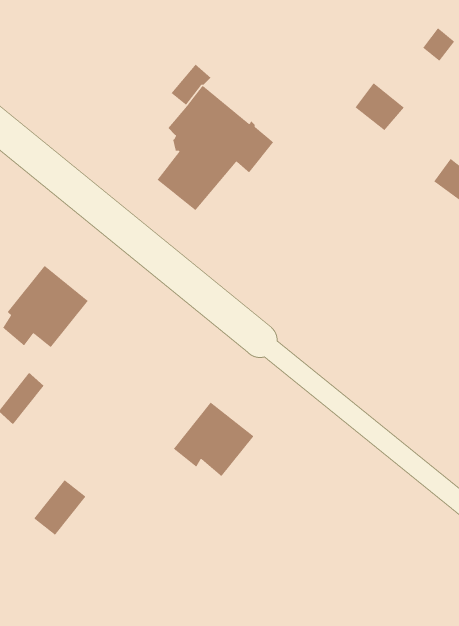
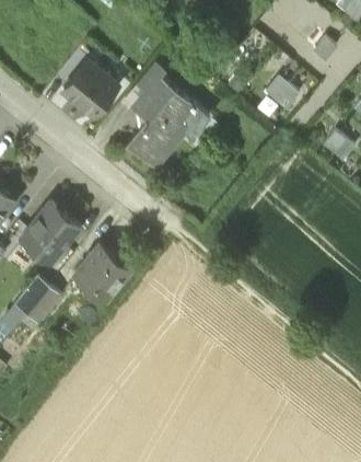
building: none -> [63,62,117,116]
building: [173,402,255,477] -> [74,244,131,297]
building: [33,479,87,536] -> [27,287,65,326]

